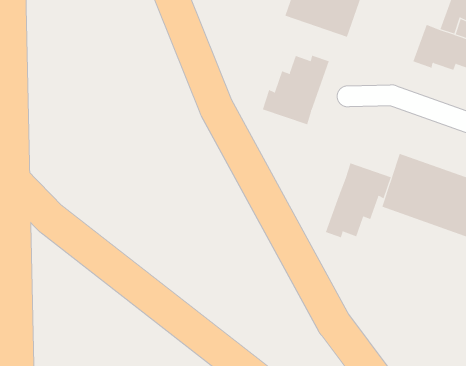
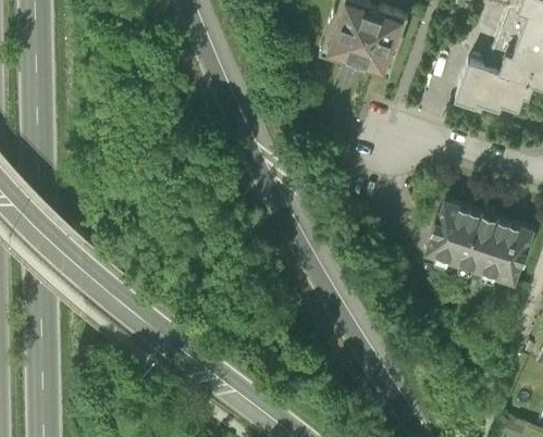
building: [262,55,330,125] -> none
building: [325,163,391,238] -> none

